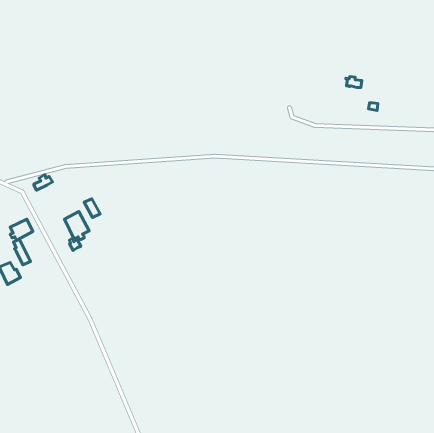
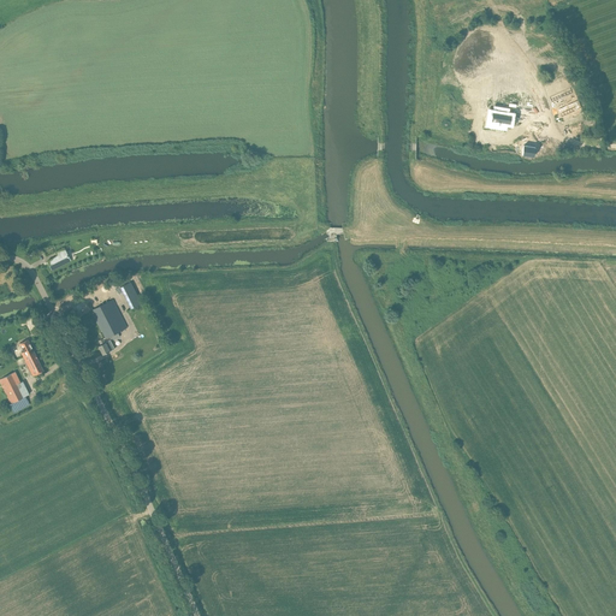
building: [10,219,33,240] -> none

